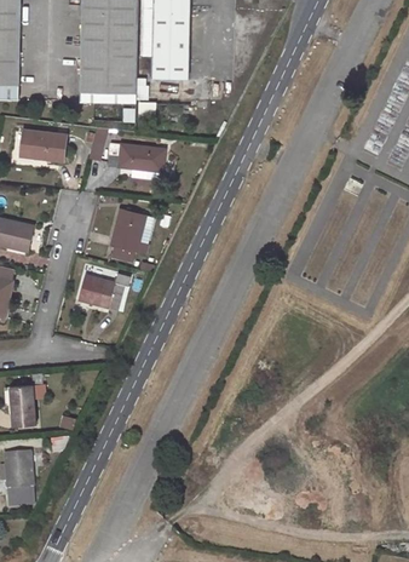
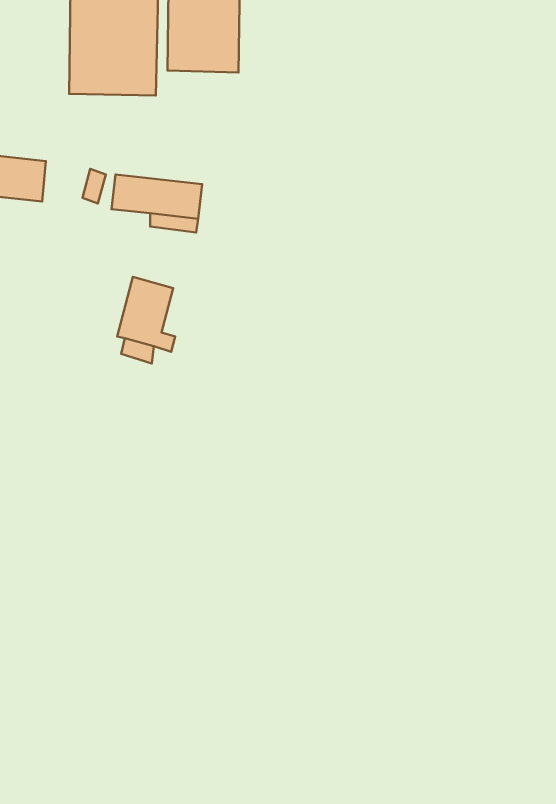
building: [77,275,125,310] -> none

